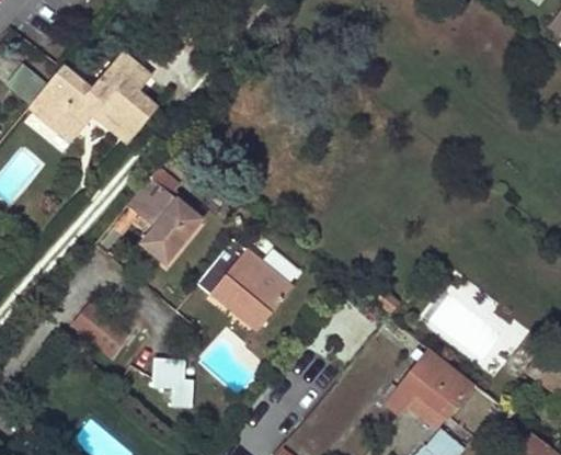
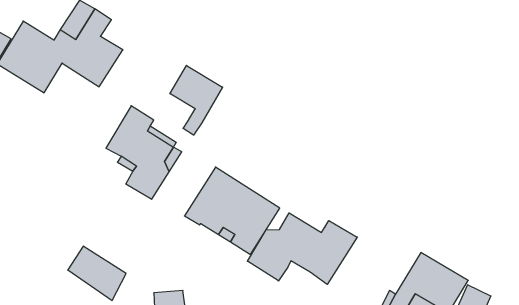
building: none -> [170,65,223,135]
building: none -> [247,213,357,284]

